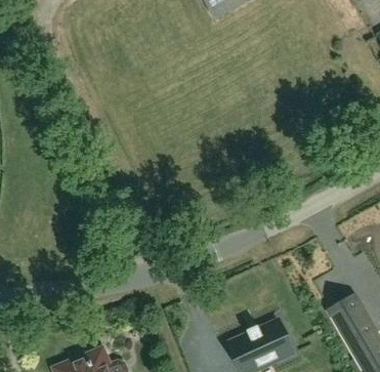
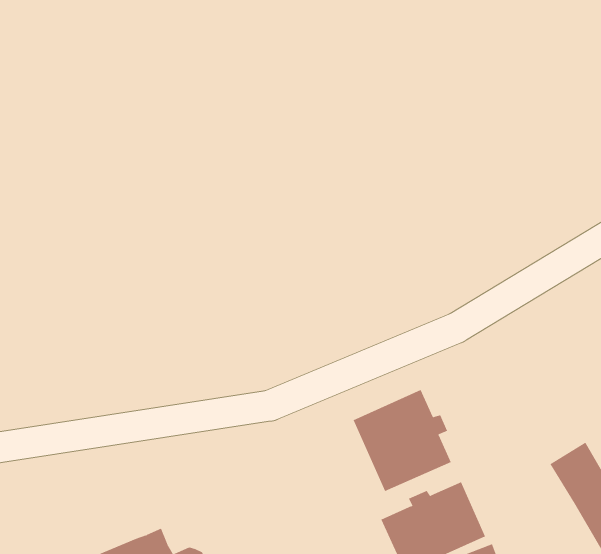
building: none -> [353,389,451,492]

